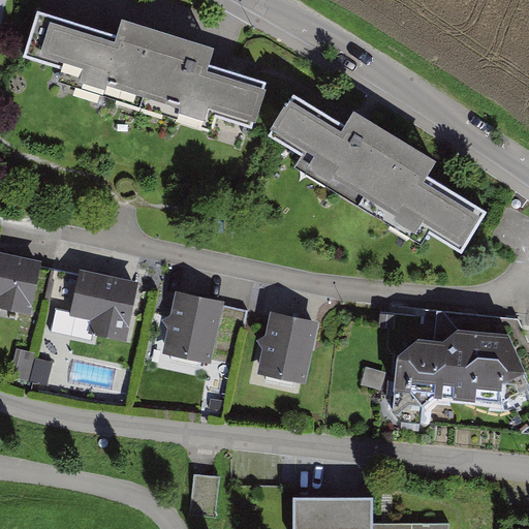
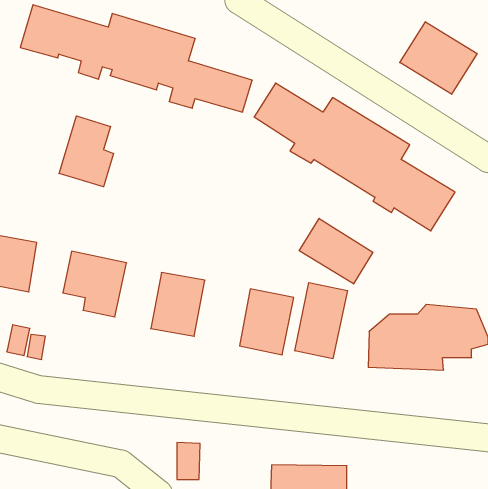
building: none -> [400,22,477,94]
building: none -> [59,116,114,187]
building: none -> [299,218,373,284]
building: none -> [295,283,348,359]

